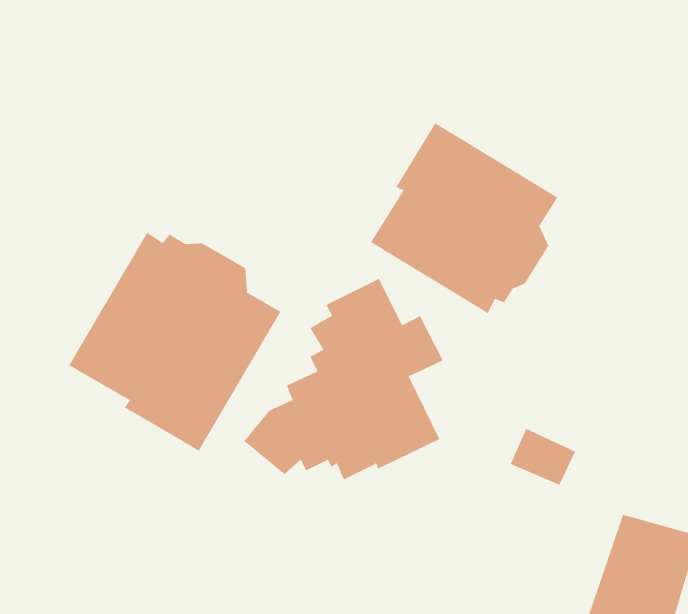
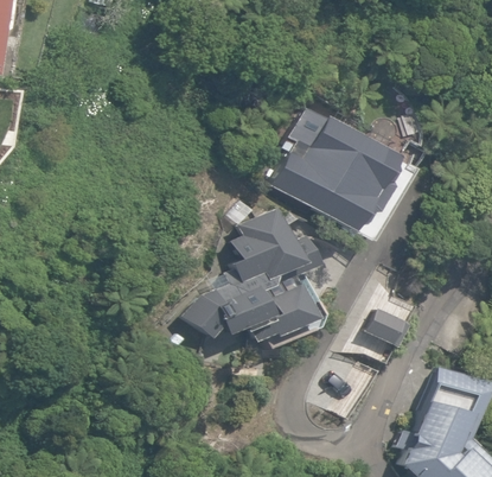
building: [68,232,281,452] -> none

